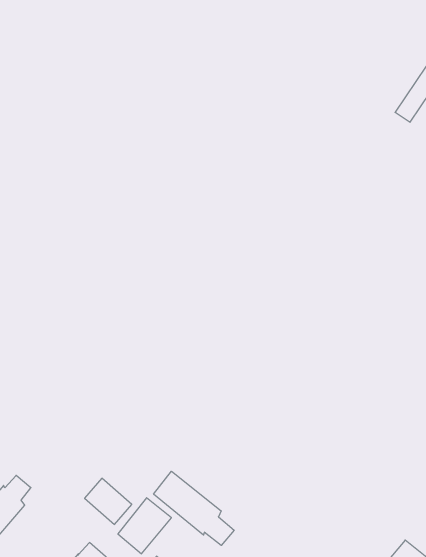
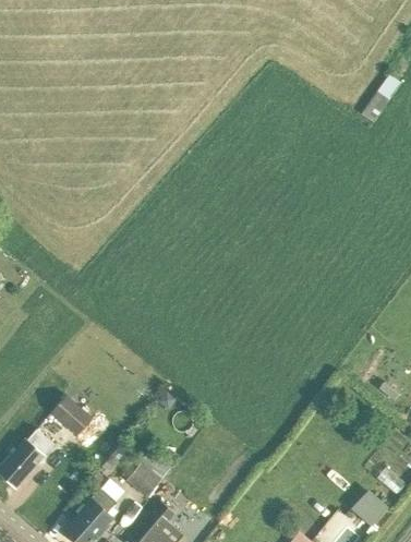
building: [154,471,234,545] -> none
building: [85,478,132,524] -> [49,396,90,436]

